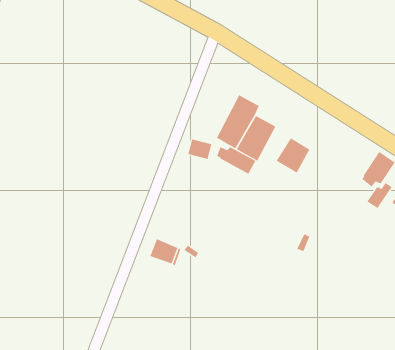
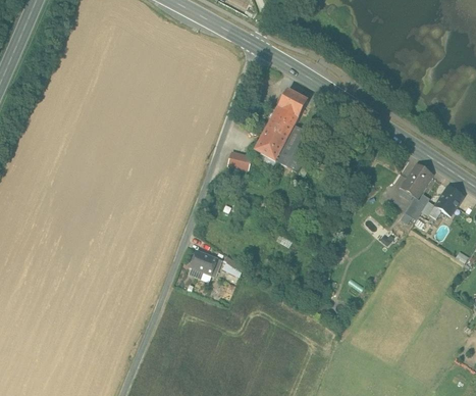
building: none -> [276,91,306,118]
building: [276,138,310,173] -> none
building: [216,146,256,175] -> none

